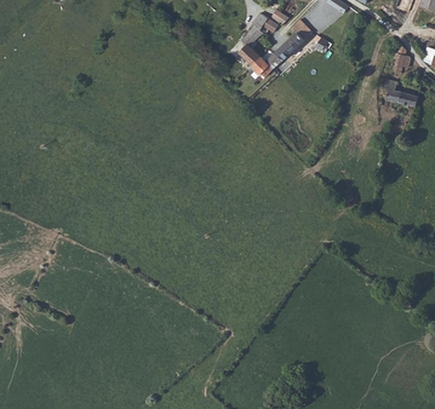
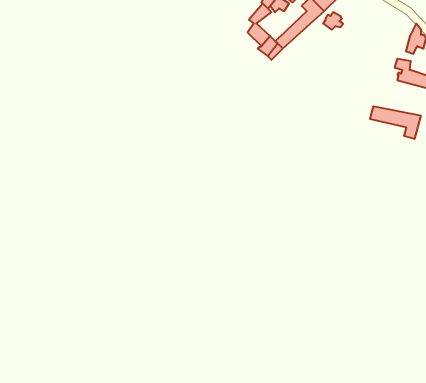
building: none -> [370,106,421,139]

